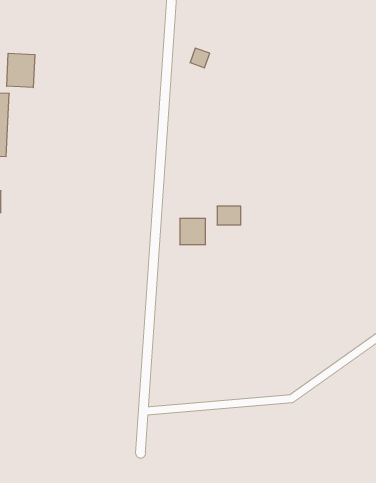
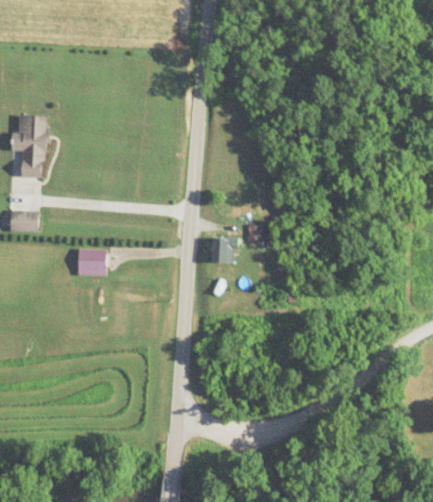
building: [7,53,35,88] -> none
building: none -> [78,249,106,275]

